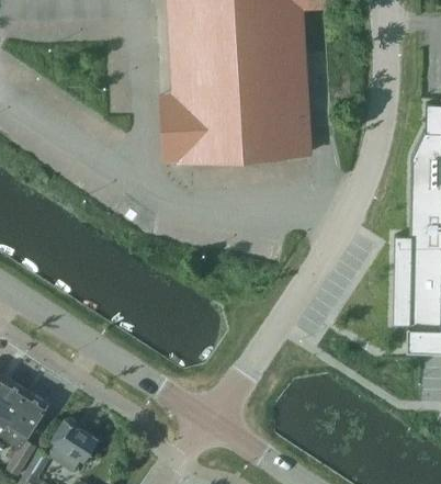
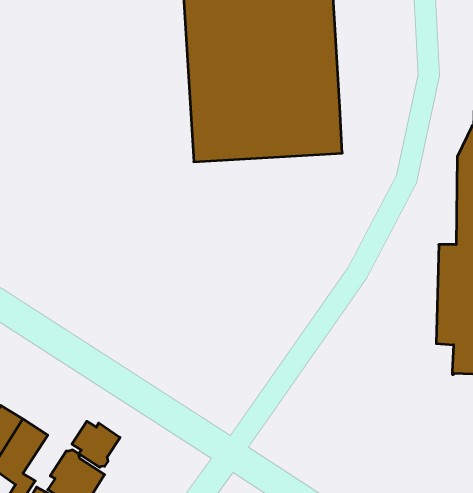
building: none -> [72,421,120,467]

